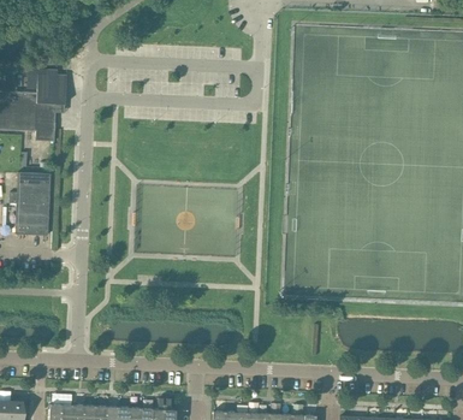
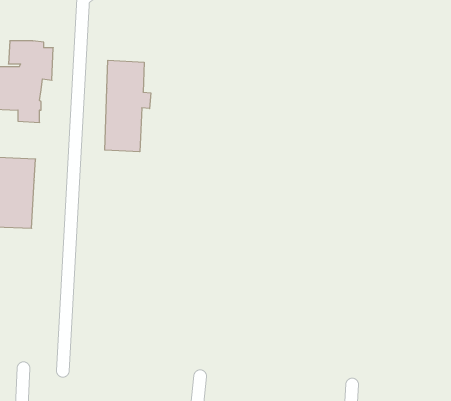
building: none -> [105,60,151,152]

